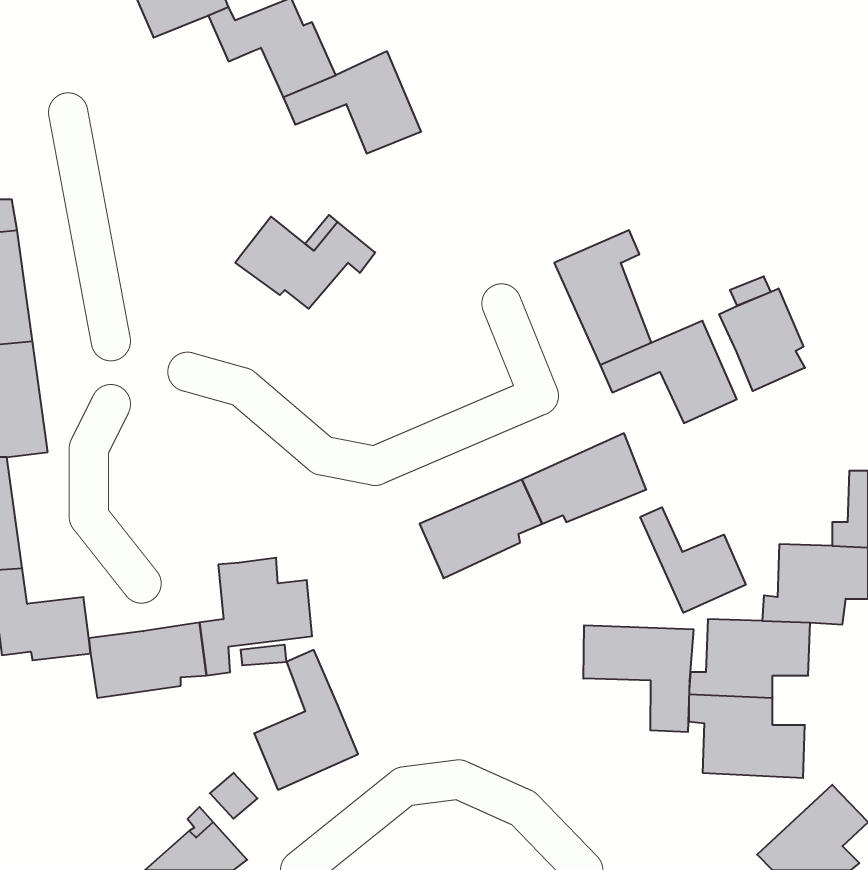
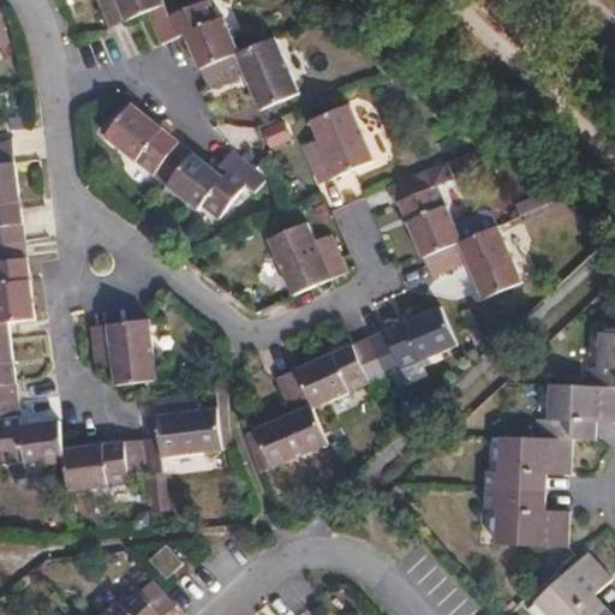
building: none -> [103,103,191,180]
building: none -> [301,103,371,183]
building: [719,288,805,391] -> none
building: none -> [265,221,344,295]
building: none -> [89,317,154,383]
building: [640,507,746,613] -> none
building: [583,625,694,732] -> none
building: [254,650,358,790] -> [253,369,327,467]

